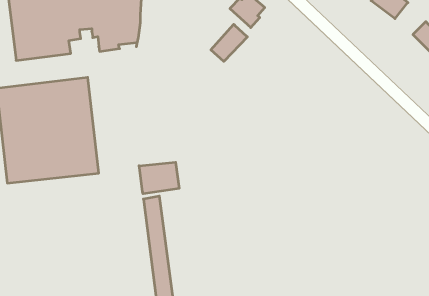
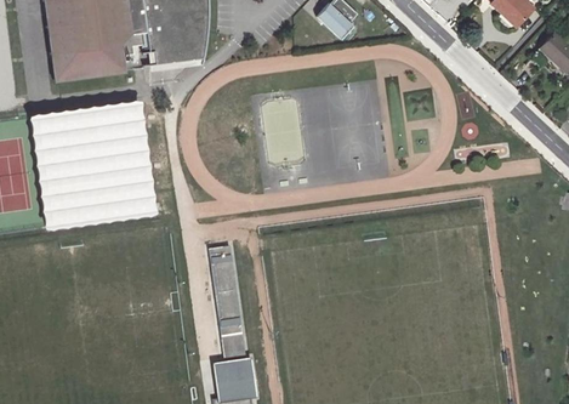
building: [211,24,247,61] -> none
building: [139,162,179,194] -> none

